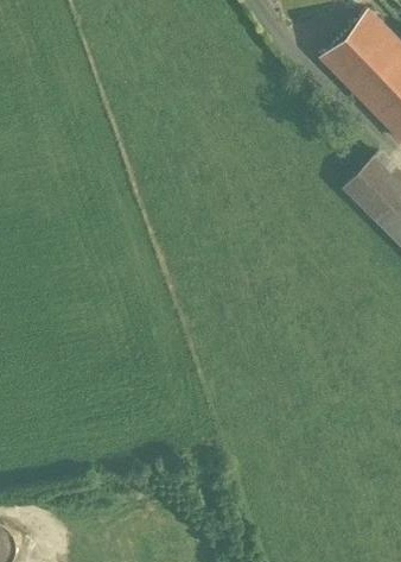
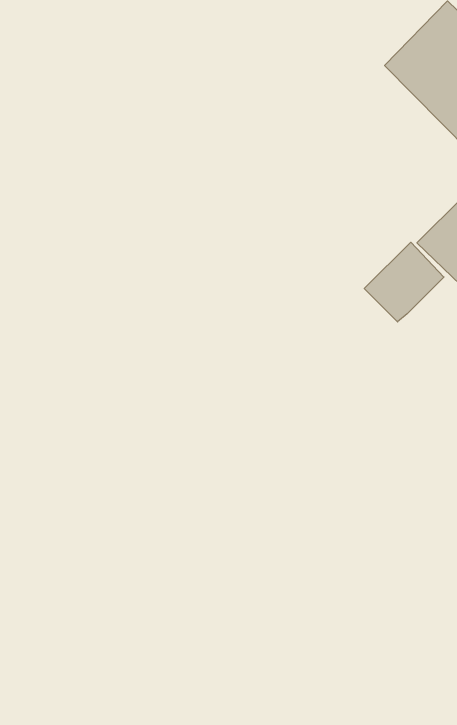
building: none -> [364,242,444,322]

